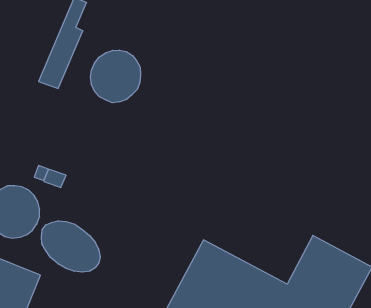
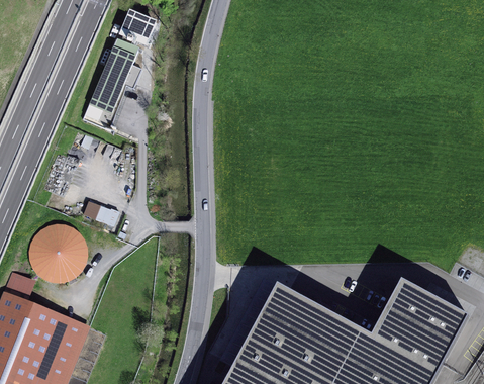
building: [90,50,141,103] -> none
building: [41,221,100,272] -> none

